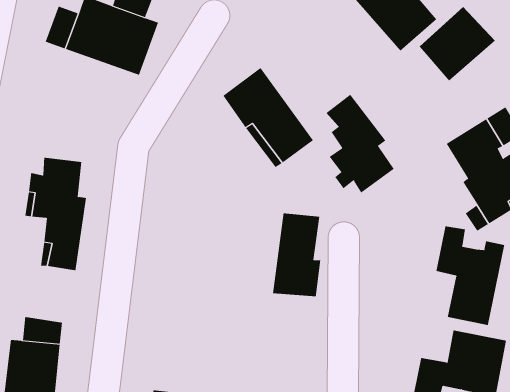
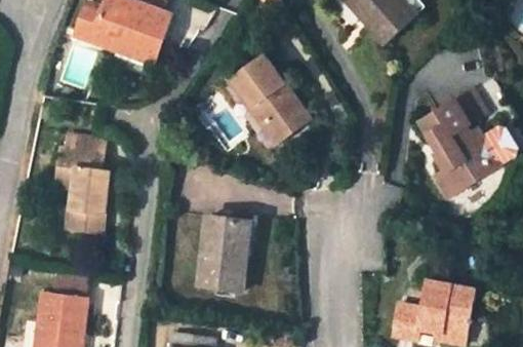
building: [419,6,496,81] -> none
building: [325,94,395,193] -> none
building: [272,213,321,297] -> [199,219,241,291]
building: [436,226,505,326] -> none

